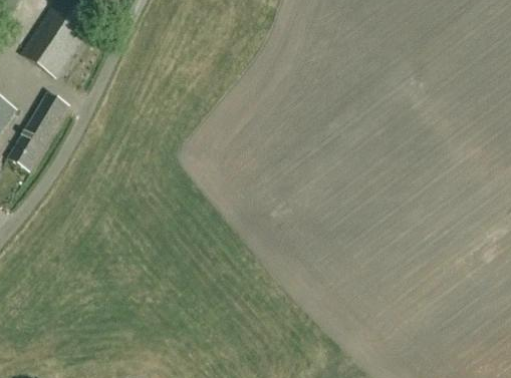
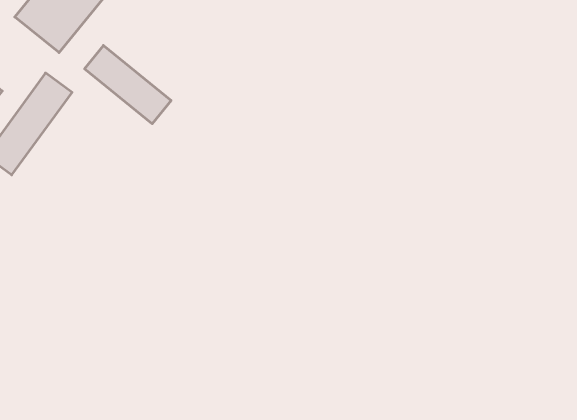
building: none -> [85,45,171,124]

